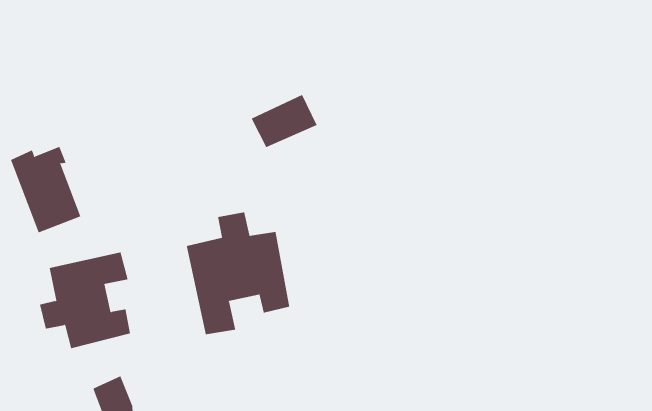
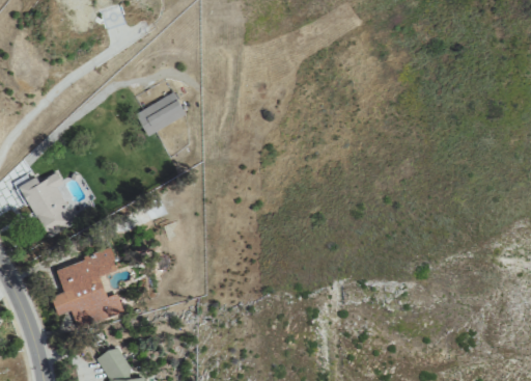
building: [251,94,317,148] -> [135,91,187,135]
building: [186,212,290,335] -> none

